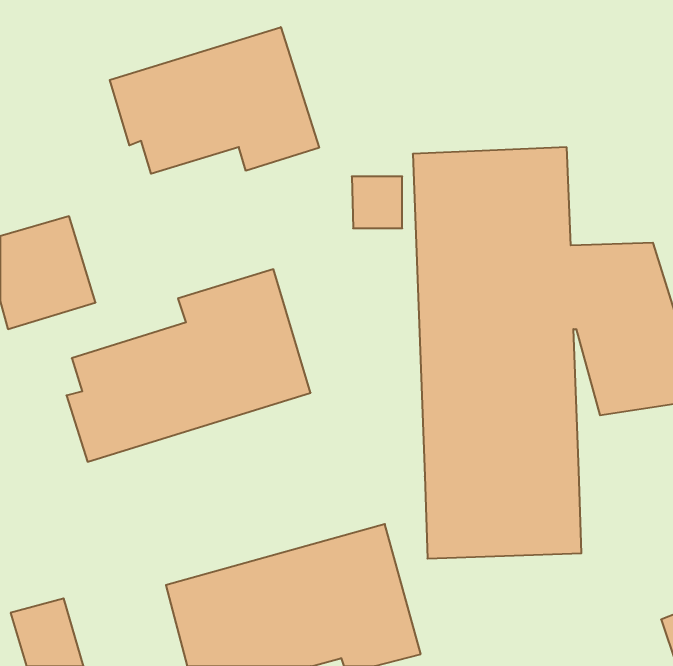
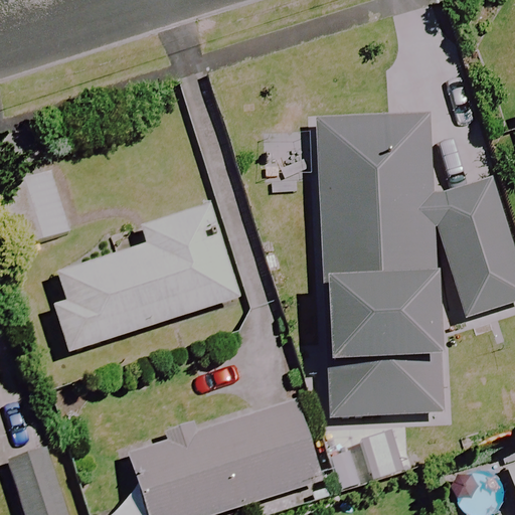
building: [110,27,319,174] -> none

